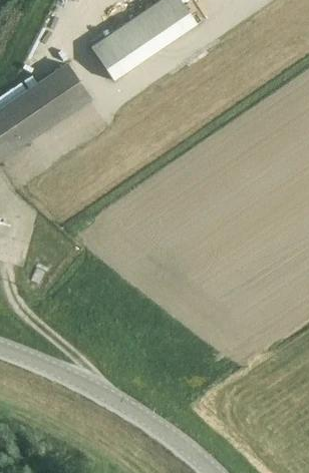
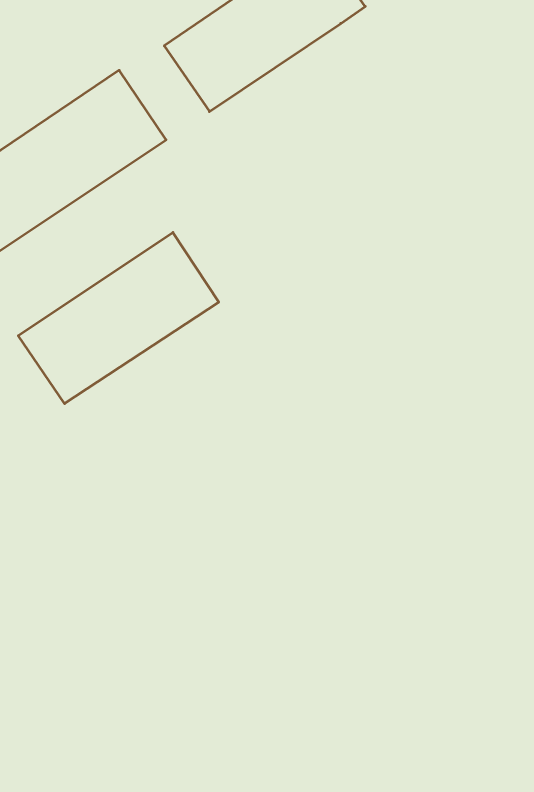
building: none -> [18,232,219,404]

